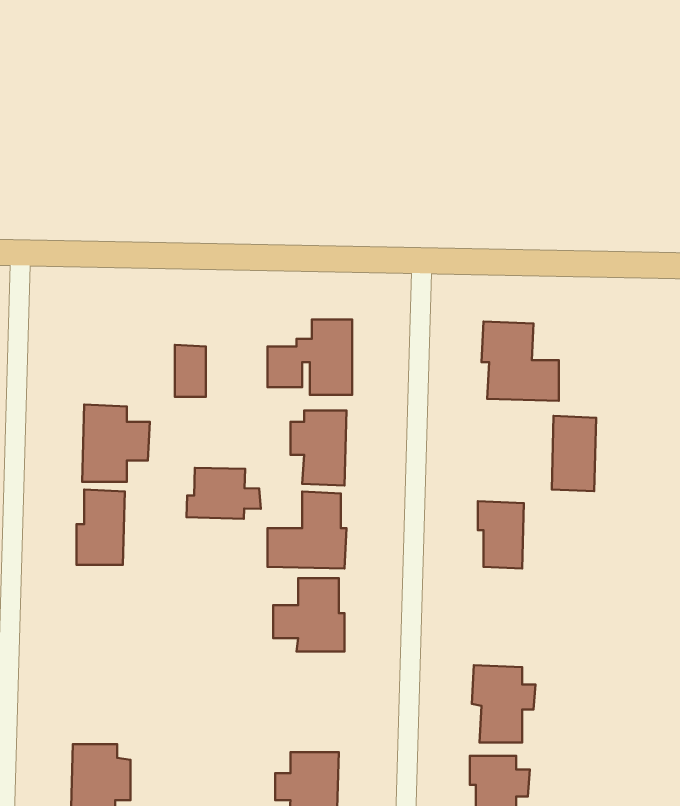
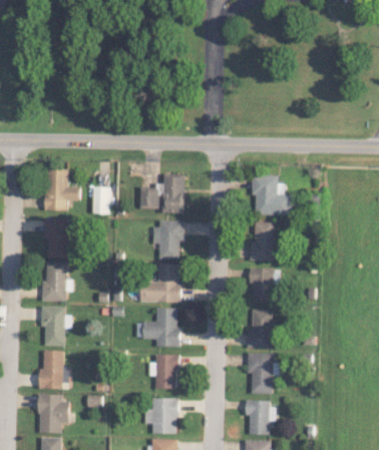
building: none -> [45,168,79,210]
building: [552,416,596,491] -> [252,221,275,261]
building: [186,468,261,519] -> none
building: none -> [41,307,71,346]
building: none -> [248,309,273,348]
building: none -> [38,350,62,389]
building: none -> [149,354,177,389]

